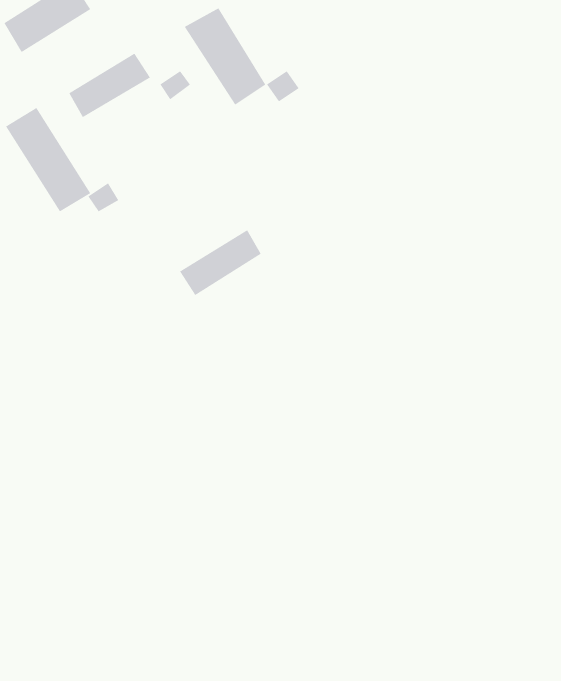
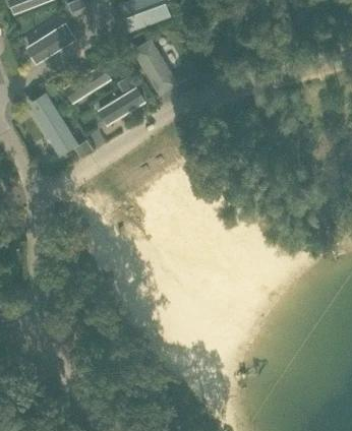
building: [179,229,262,296] -> [98,87,145,126]

